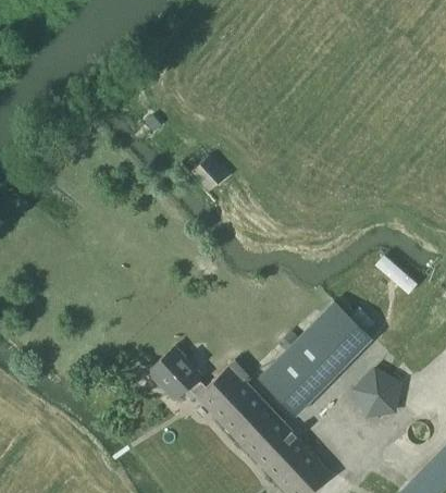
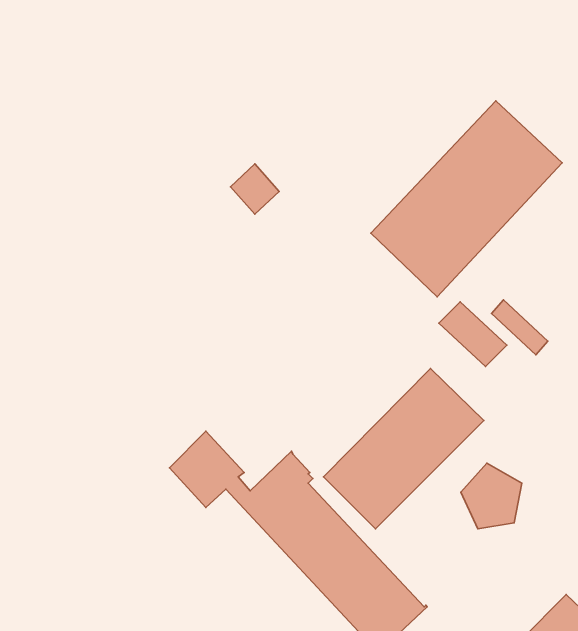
building: none -> [371,101,562,297]
building: none -> [439,302,507,367]

